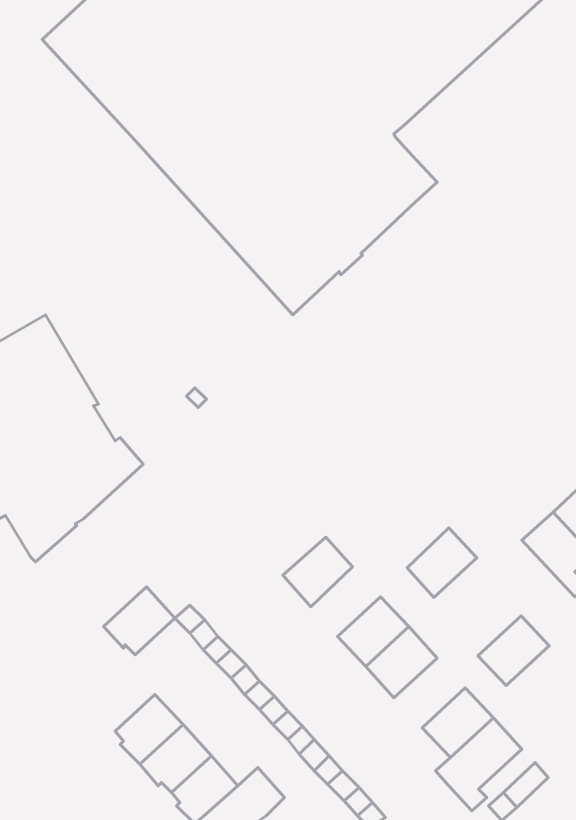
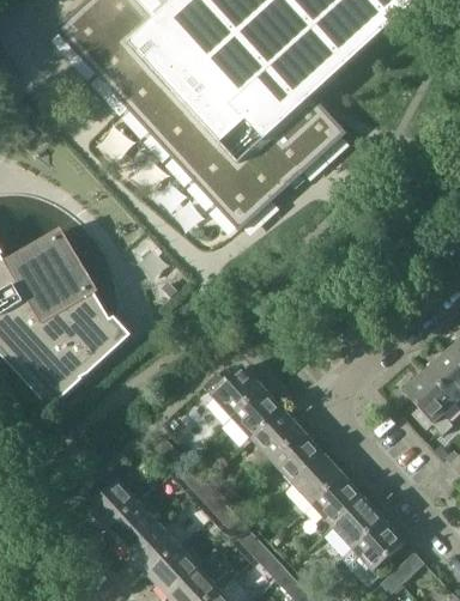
building: none -> [202,365,262,415]
building: [407,528,477,598] -> [252,409,302,460]
building: [103,587,175,655] -> [87,479,139,528]
building: [478,616,549,686] -> [311,475,363,526]

